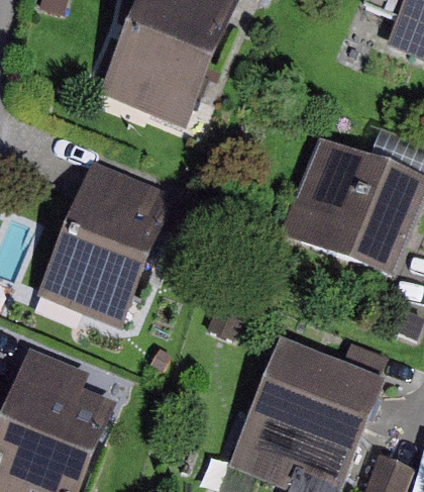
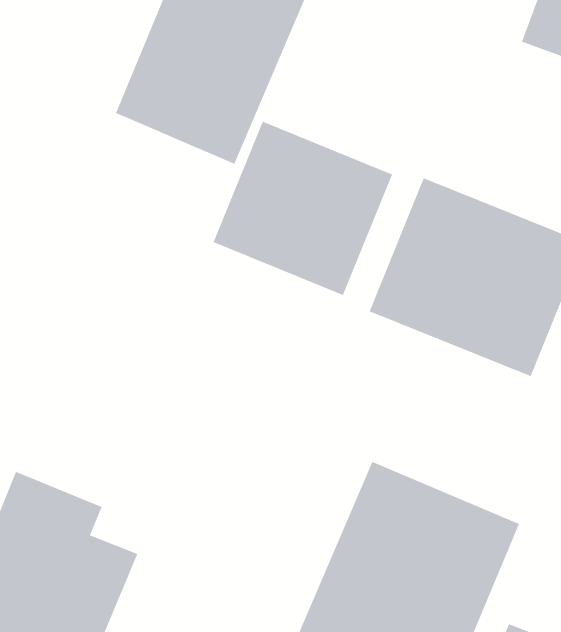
building: none -> [213,121,393,296]
building: [35,160,175,327] -> none

